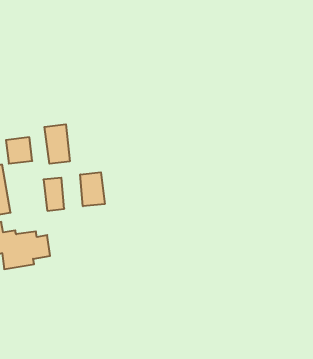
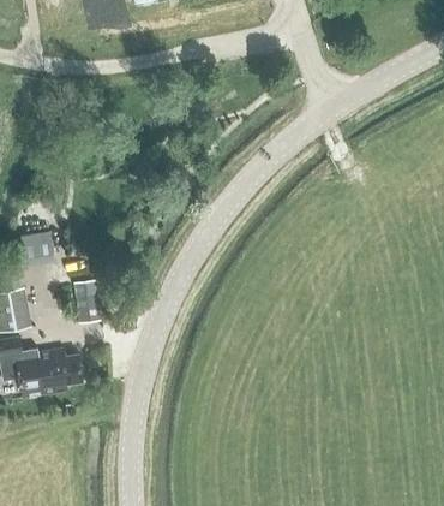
building: [44,124,70,164] -> none
building: [80,172,105,206] -> none

